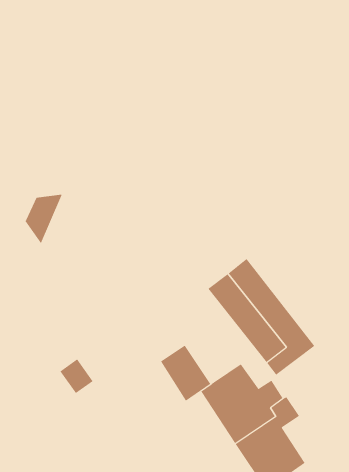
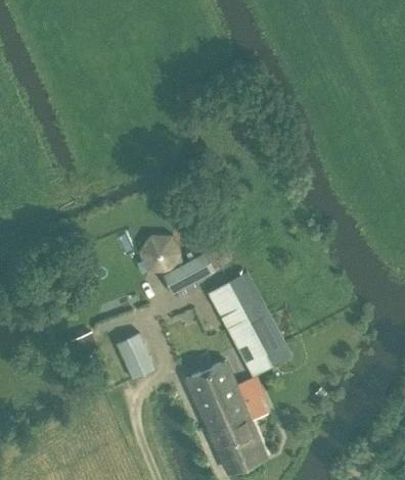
building: [24,194,62,244] -> [138,234,174,274]
building: none -> [163,255,210,295]
building: [160,345,211,401] -> [117,333,156,381]

